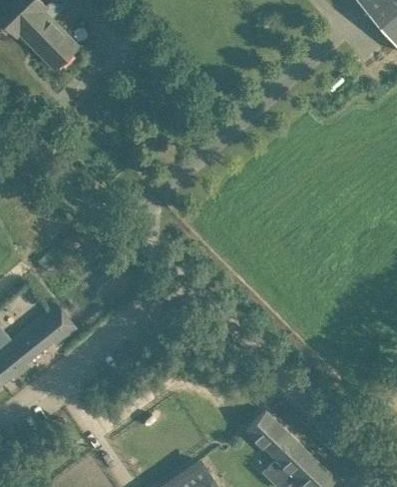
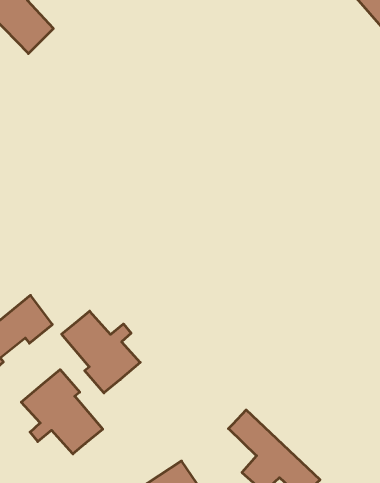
building: none -> [62,311,140,393]
building: none -> [21,370,103,454]

